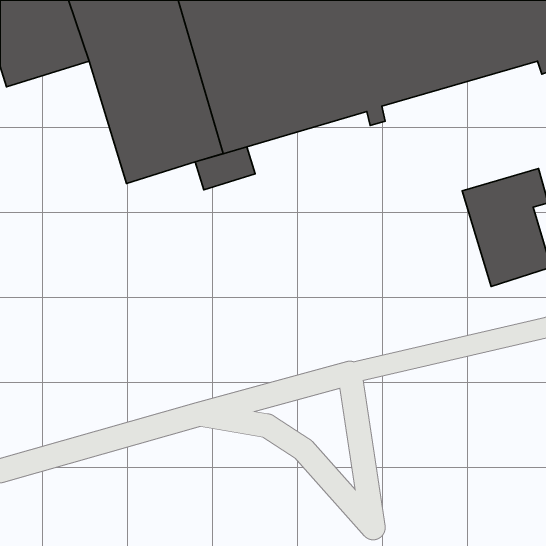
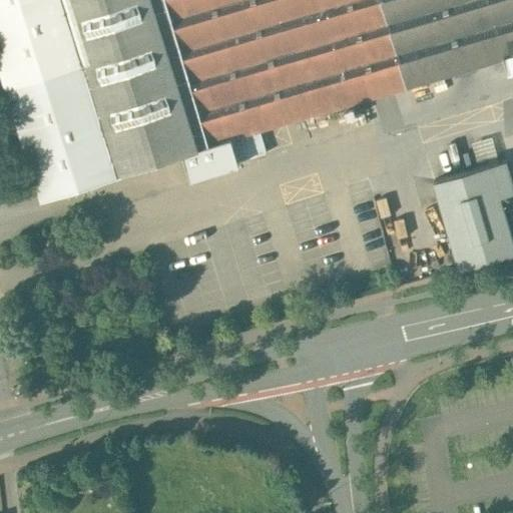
building: none -> [8,59,120,197]

